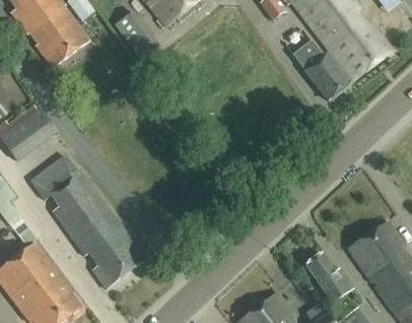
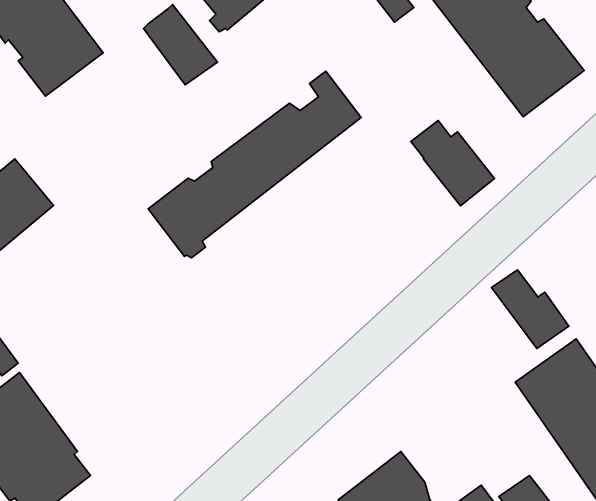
building: [297,46,350,100] -> [411,121,494,206]
building: none -> [148,71,361,258]
building: [29,154,146,287] -> none
building: [304,252,353,302] -> [492,270,569,349]

